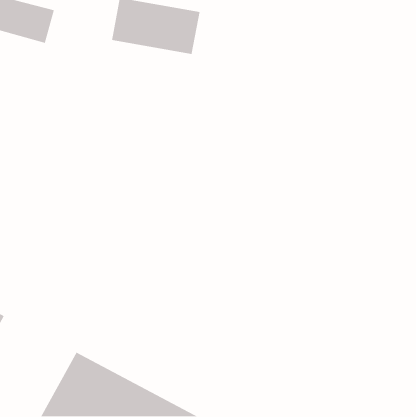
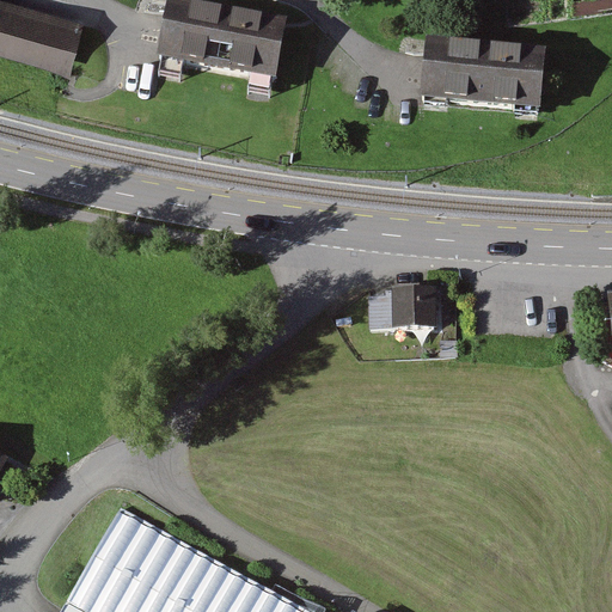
building: none -> [426,38,550,110]
building: none -> [363,286,436,330]

